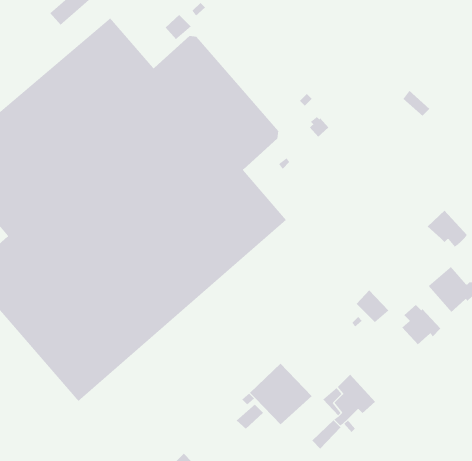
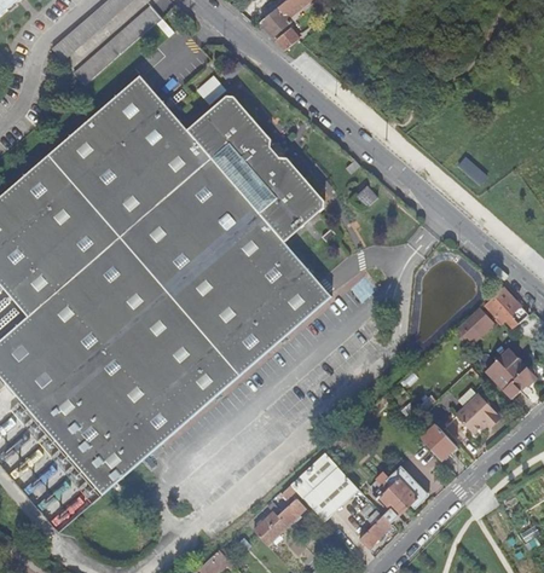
building: none -> [453,307,493,343]
building: [356,289,389,323] -> [419,422,456,458]
building: none -> [250,510,285,544]

